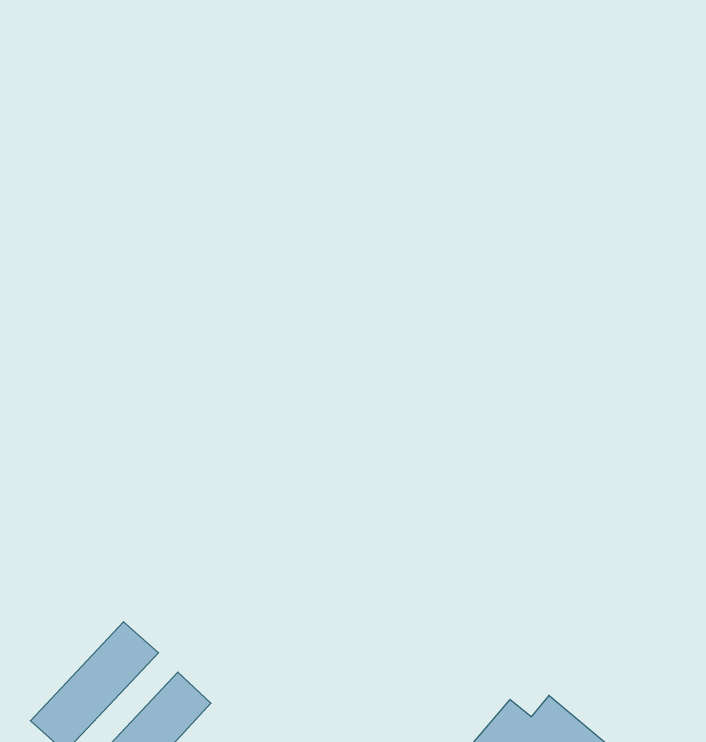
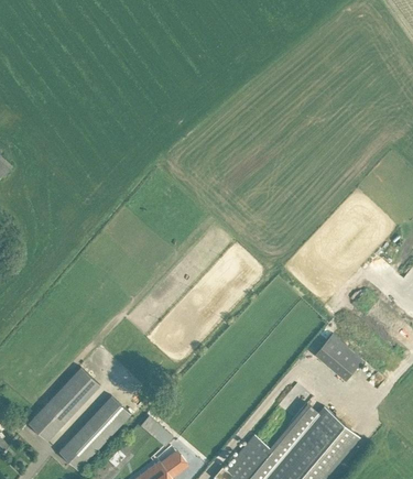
building: none -> [316,335,365,381]

